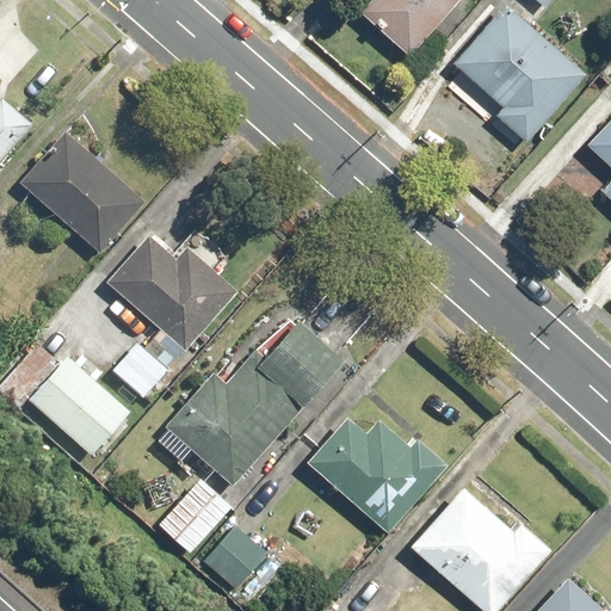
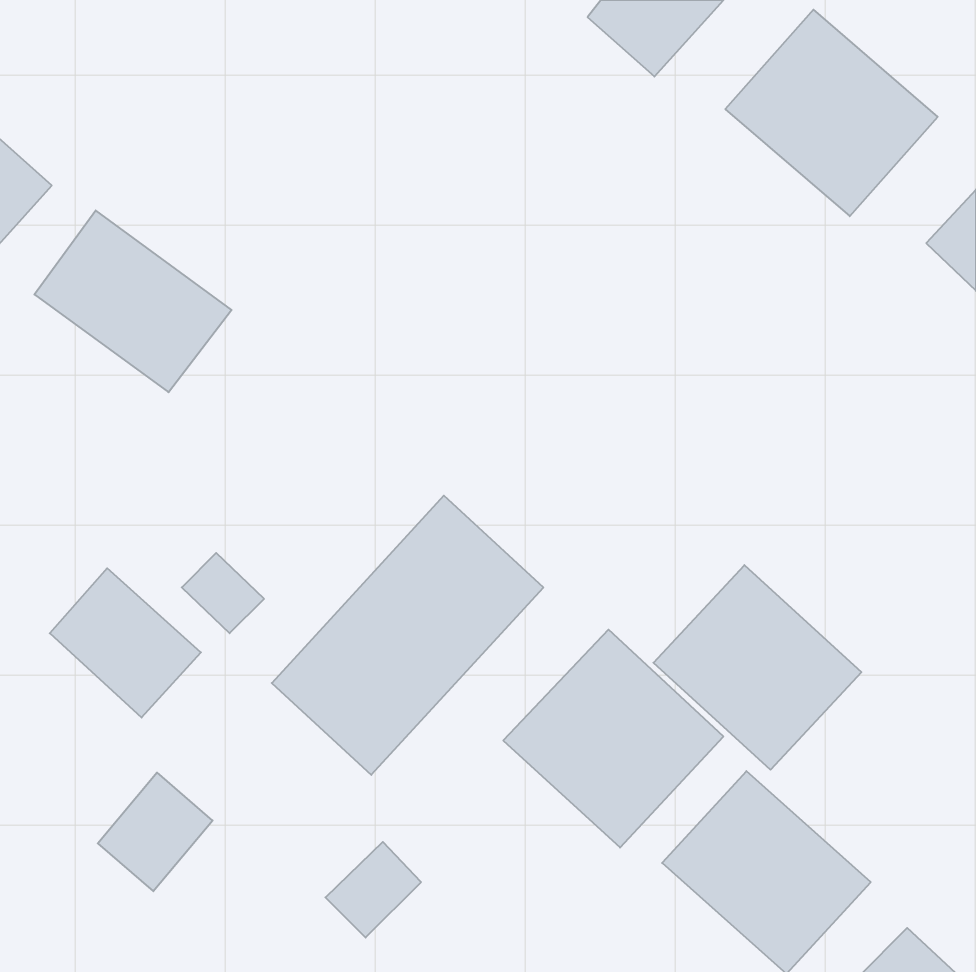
building: [106,229,230,350] -> none
building: none -> [653,565,861,770]
building: [160,480,232,554] -> [98,773,213,891]

